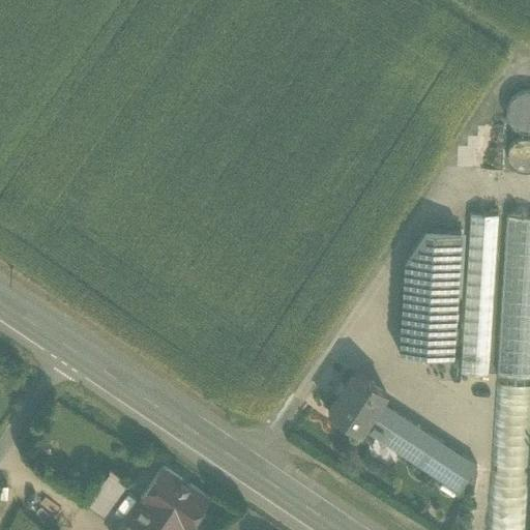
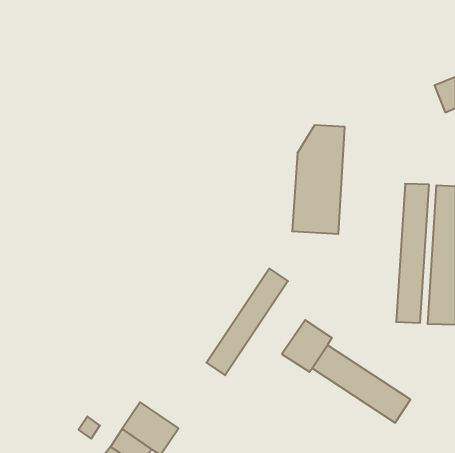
building: [400,233,461,359] -> [292,125,345,234]
building: none -> [206,269,288,375]

